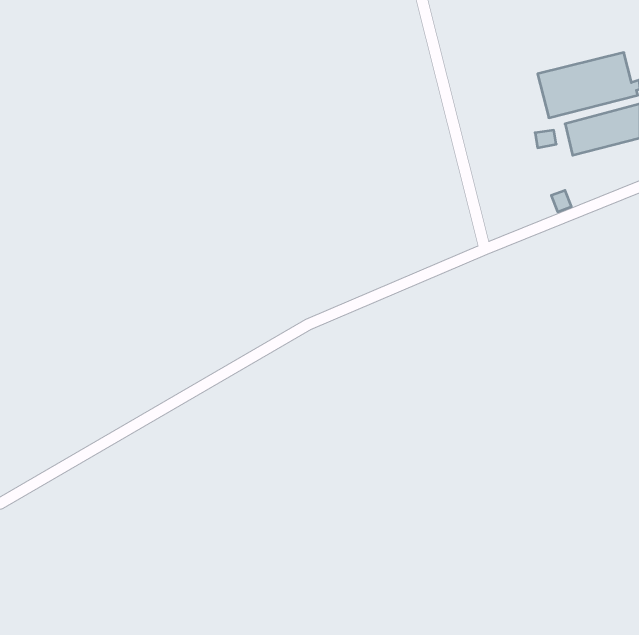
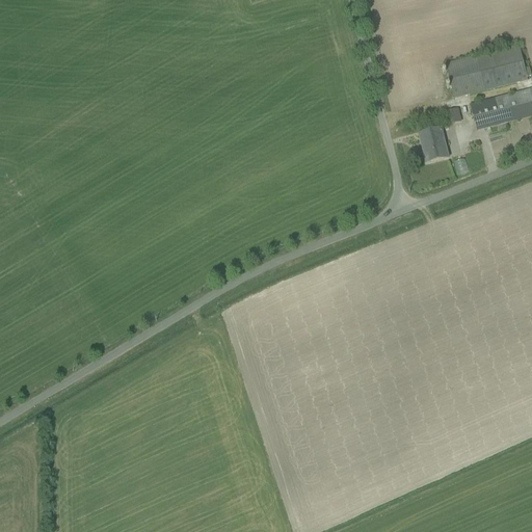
building: none -> [420,128,449,161]

